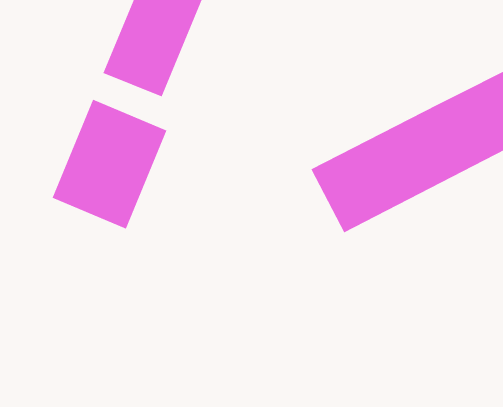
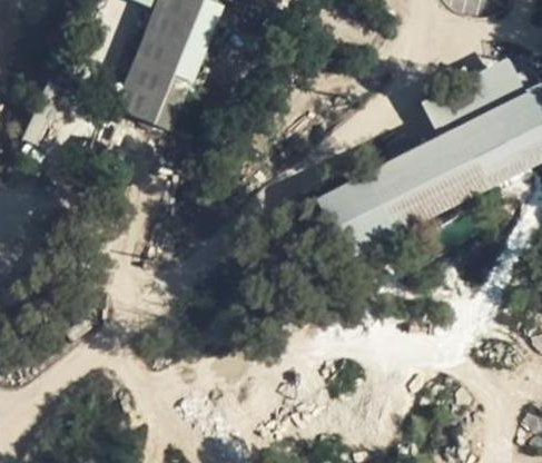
building: [52,99,167,229] -> none

